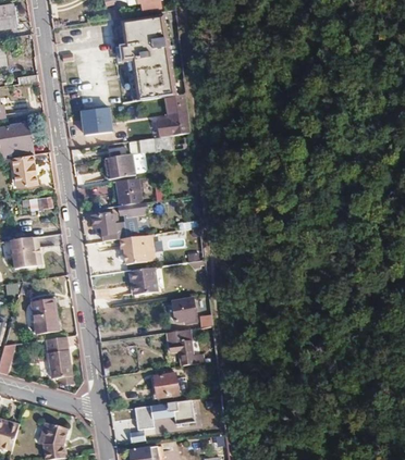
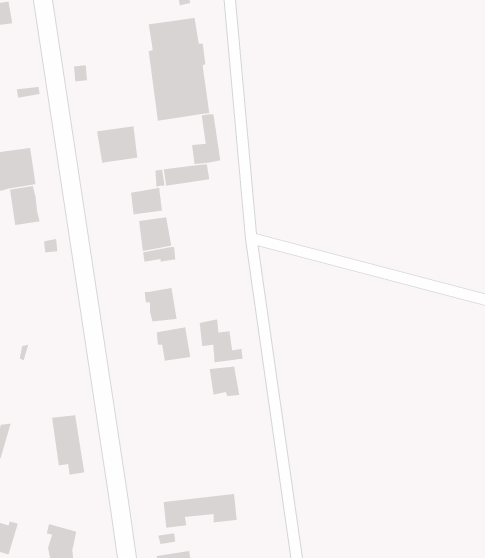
building: [91,212,124,239] -> none
building: [11,236,37,268] -> none
building: [32,298,59,333] -> none
building: [168,328,204,364] -> [199,318,244,363]
building: [154,372,179,397] -> none

